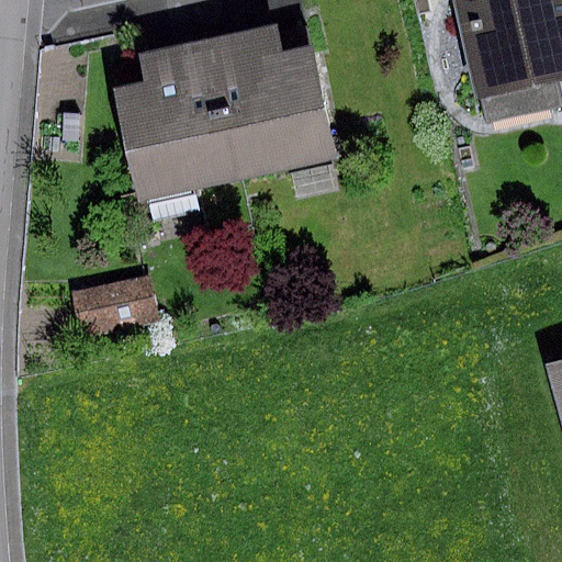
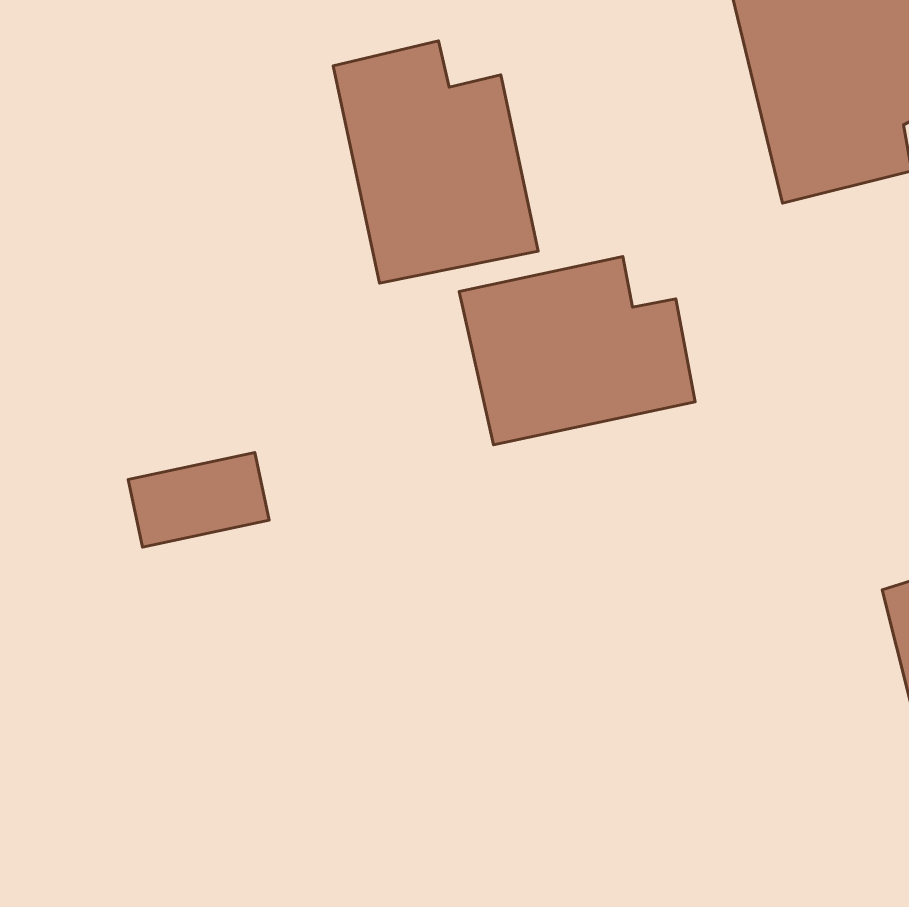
building: [114,41,235,195] -> none
building: none -> [459,257,695,445]

